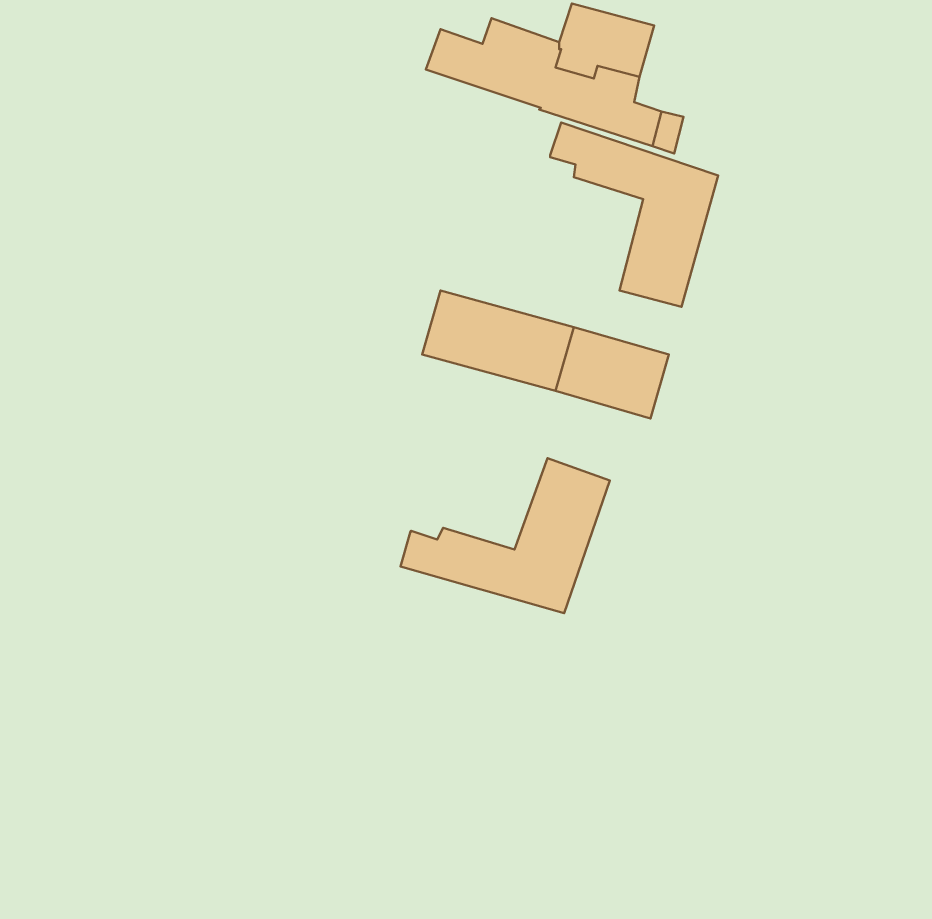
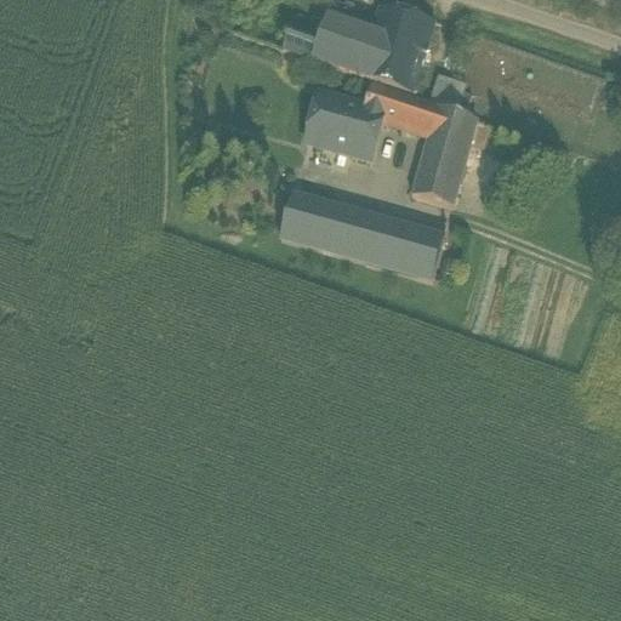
building: none -> [306,91,382,158]
building: [400,458,610,613] -> none

